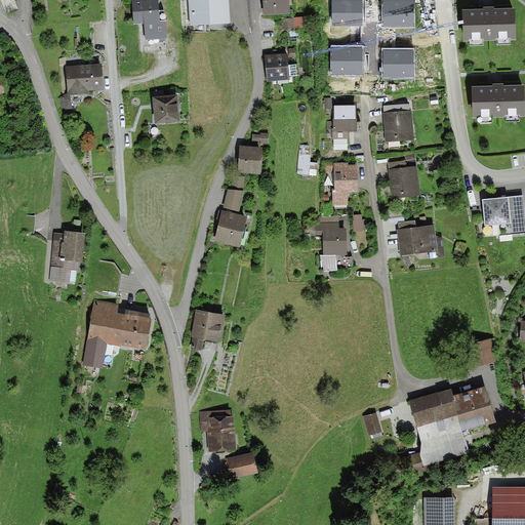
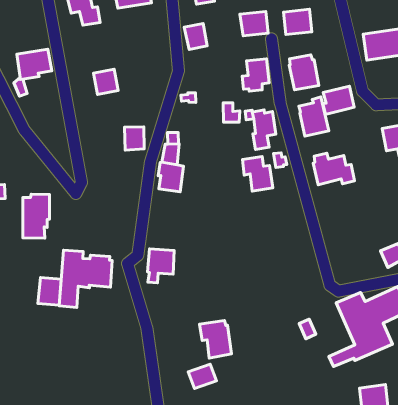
building: none -> [323,86,354,114]
building: [238,146,262,173] -> [124,127,144,150]
building: none -> [38,277,61,305]
building: [201,410,235,452] -> [199,320,232,358]

